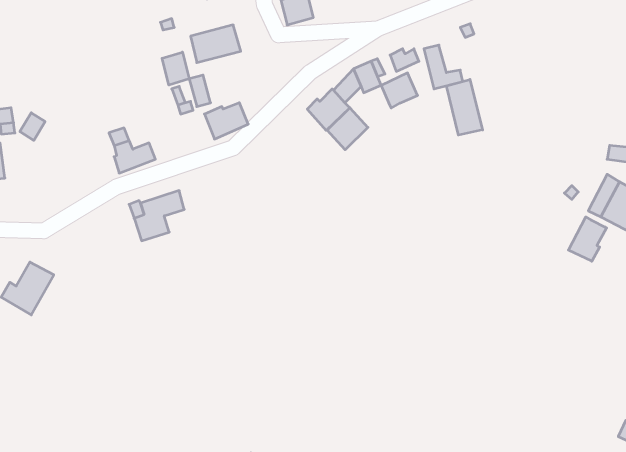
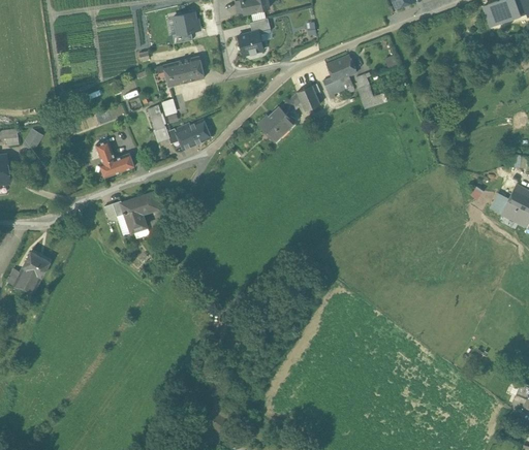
building: [162,52,189,85] -> none
building: [381,73,418,108] -> [331,52,361,81]
building: [446,79,483,135] -> none
building: [327,108,368,150] -> none
building: [568,217,607,261] -> none

